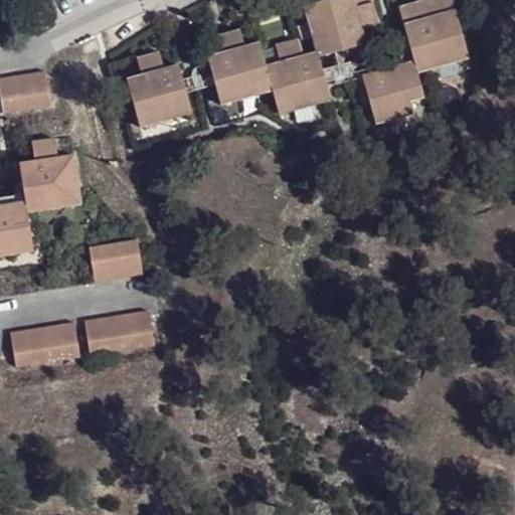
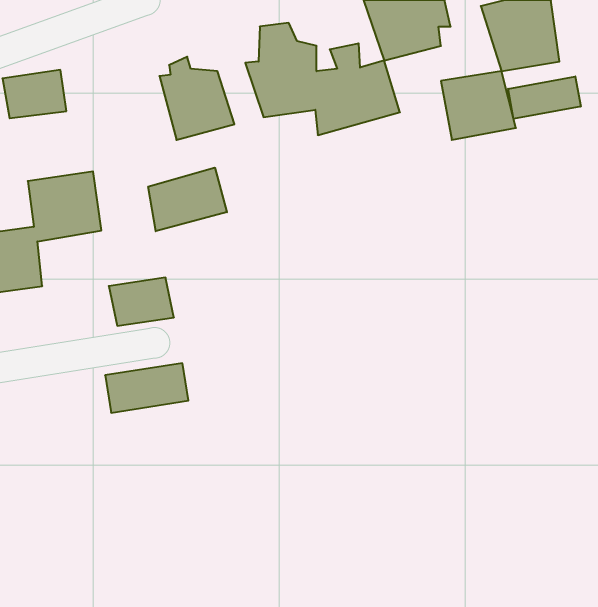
building: none -> [508,76,581,119]
building: none -> [148,168,227,231]
building: [13,323,81,362] -> none

